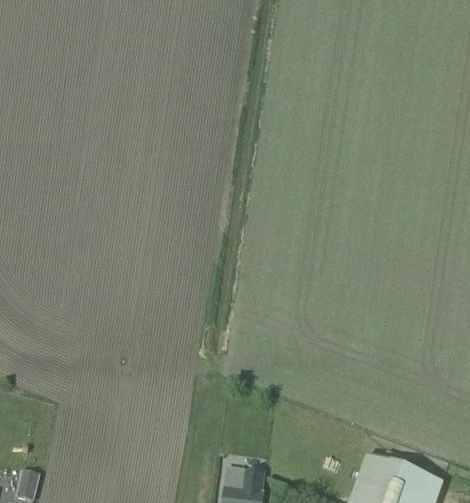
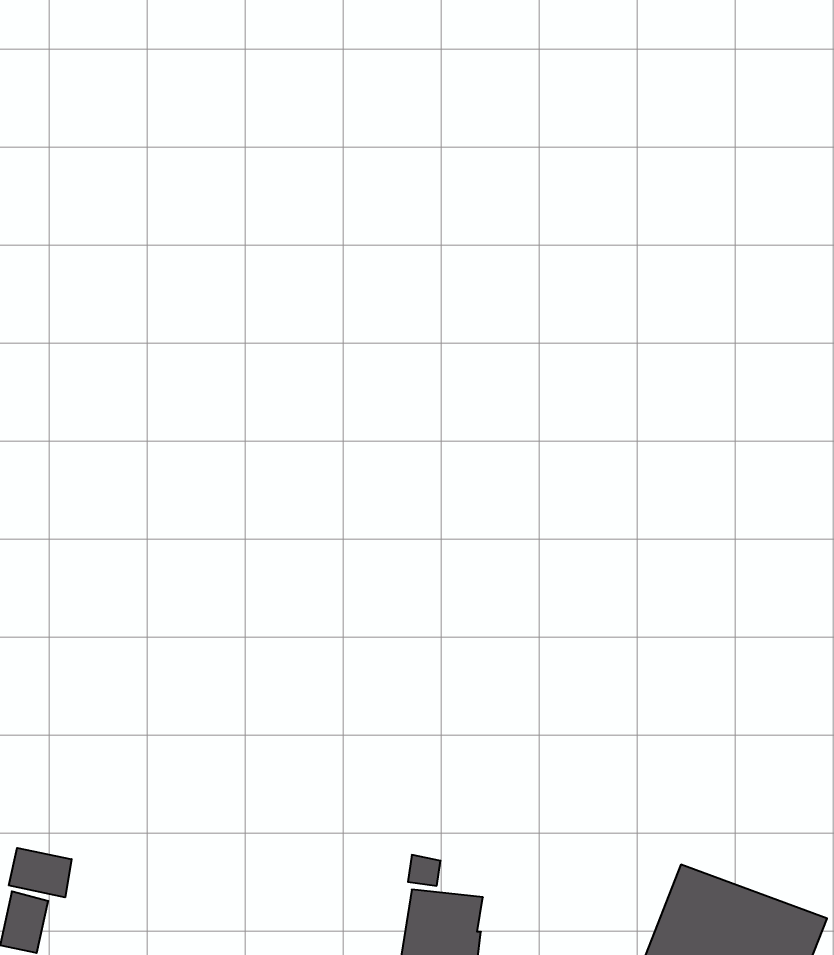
building: none -> [9,848,72,897]

